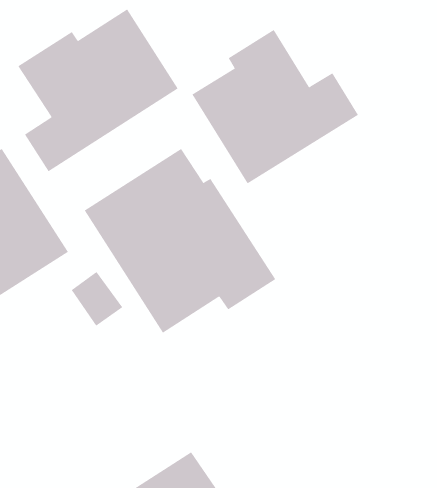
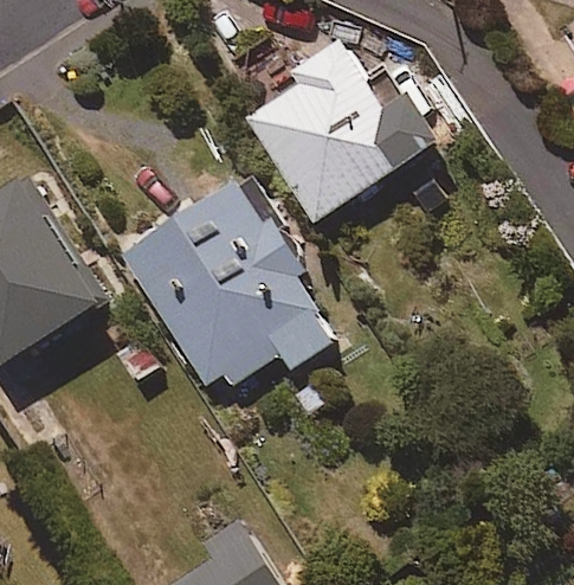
building: [18,9,179,172] -> none

